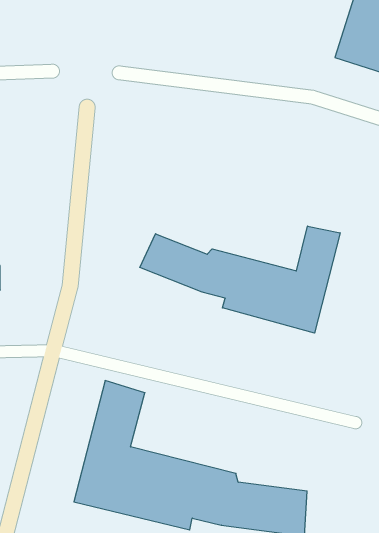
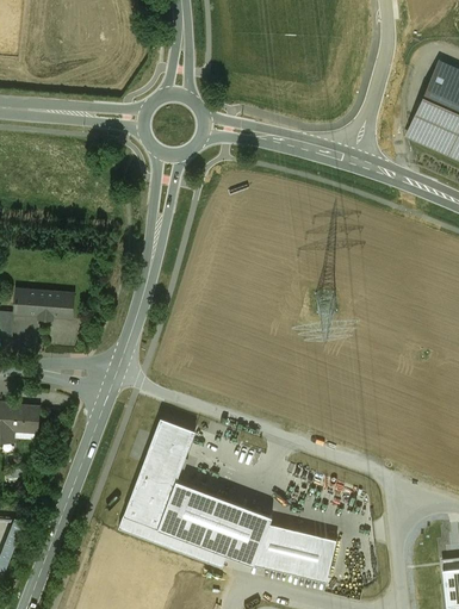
building: [140,226,340,333] -> none

